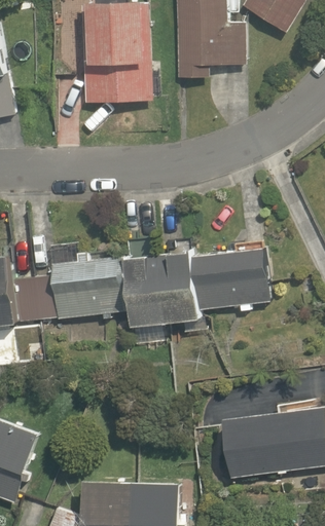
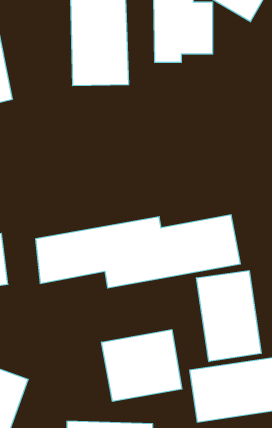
building: none -> [197,271,261,362]
building: none -> [102,330,182,401]

